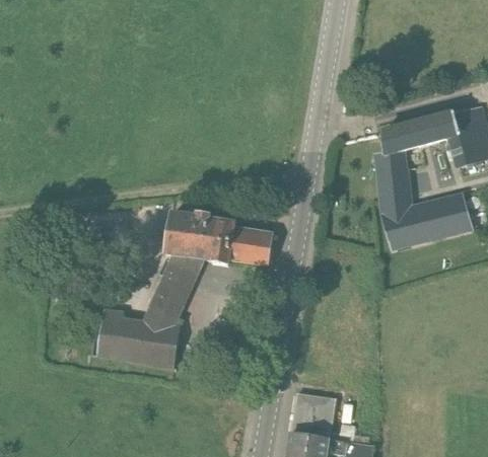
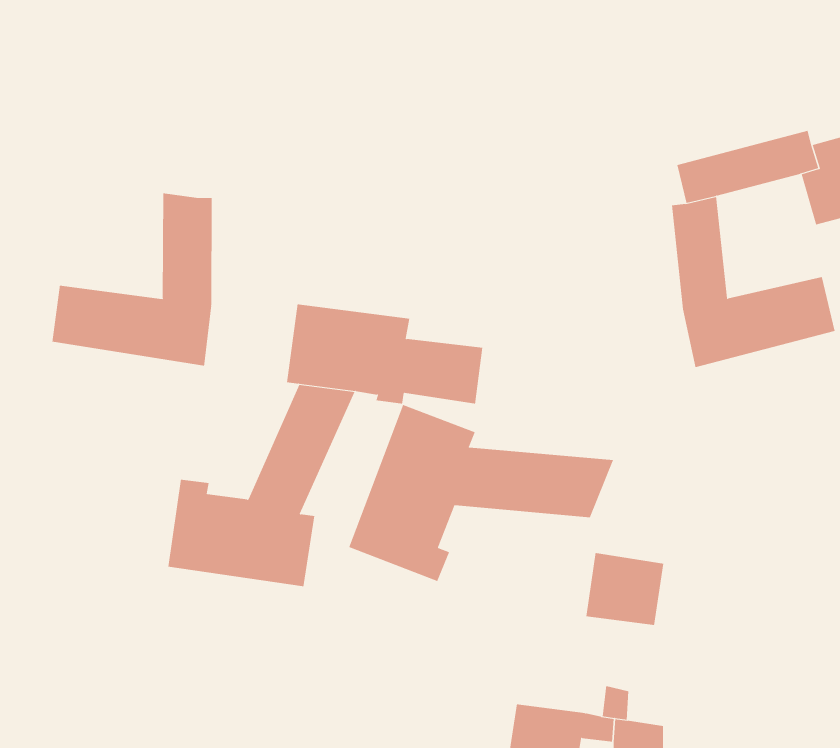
building: none -> [52,193,212,366]
building: none -> [348,404,614,582]
building: [291,396,335,437] -> [586,552,664,625]

